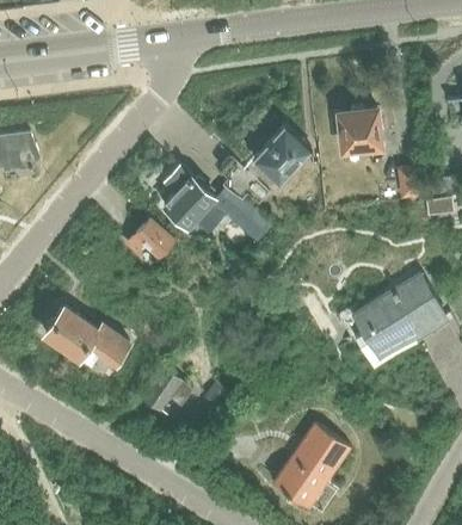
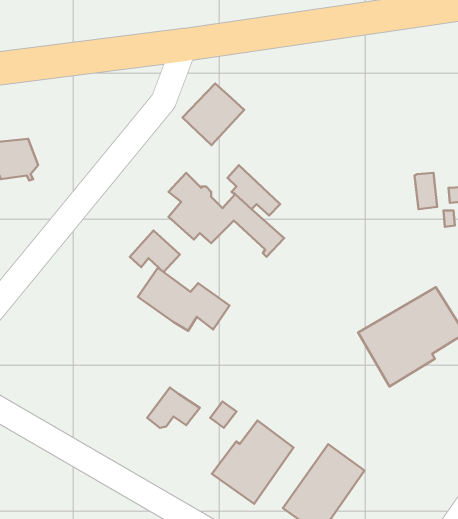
building: [338,110,381,155] -> none
building: [253,126,312,185] -> [183,84,244,145]
building: [45,308,133,368] -> [138,268,229,331]
building: none -> [212,421,294,504]

